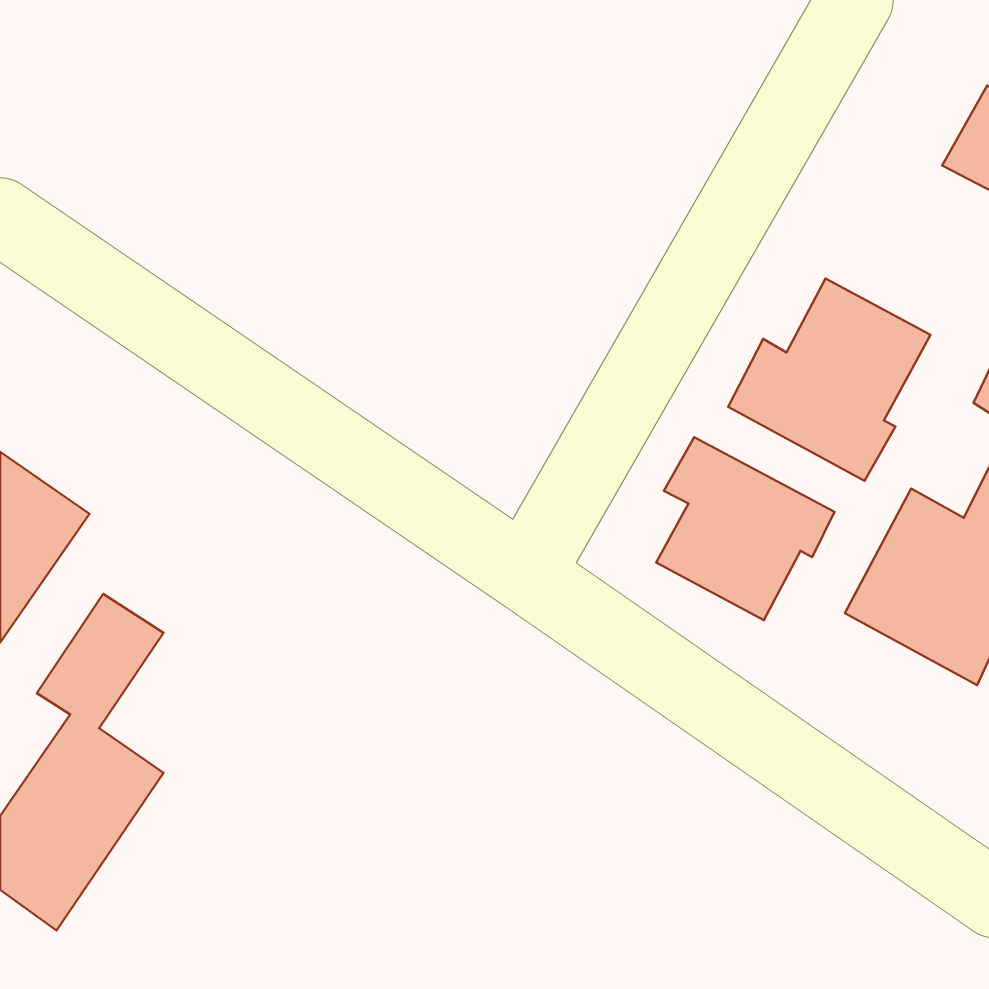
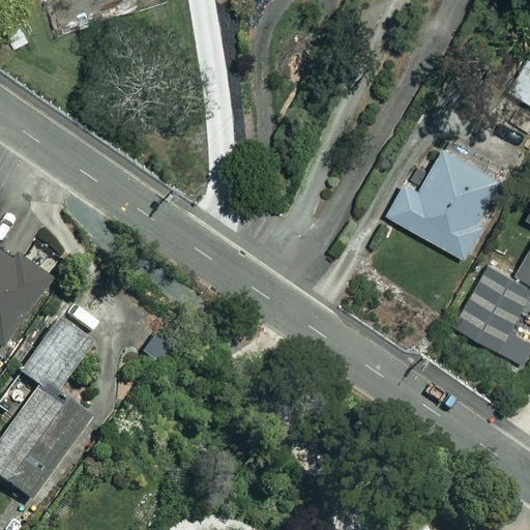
building: [656,437,834,620] -> none

